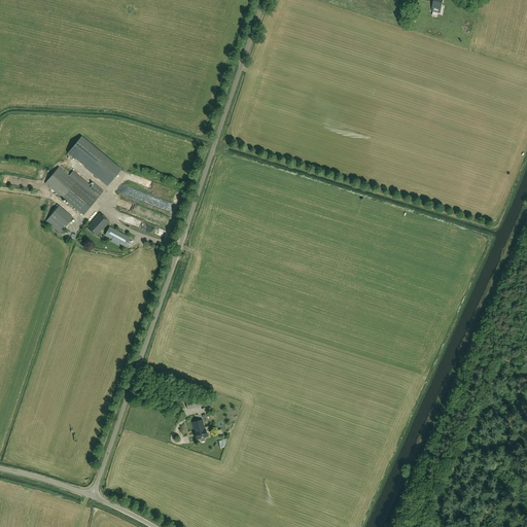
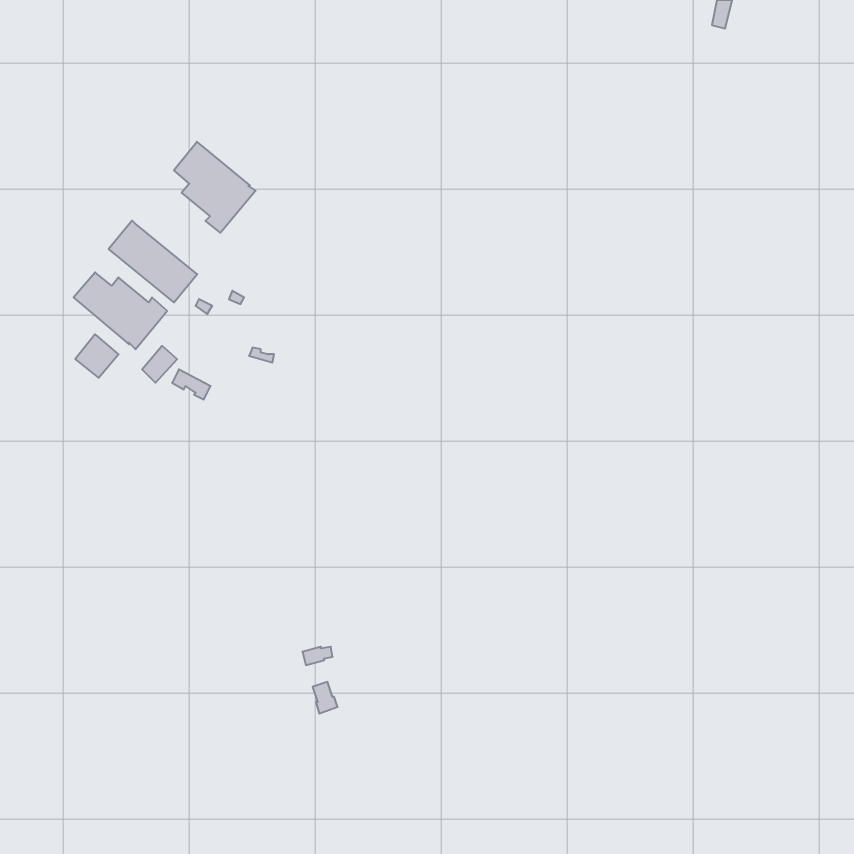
building: none -> [174,142,256,233]

